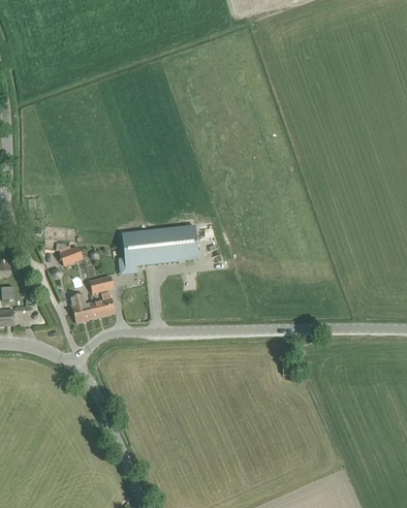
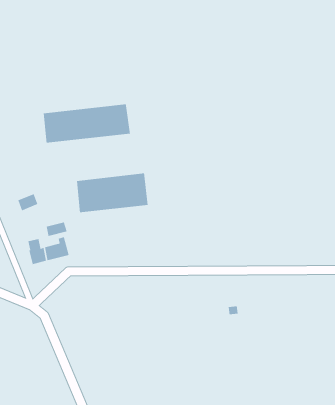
building: none -> [43,103,131,144]

